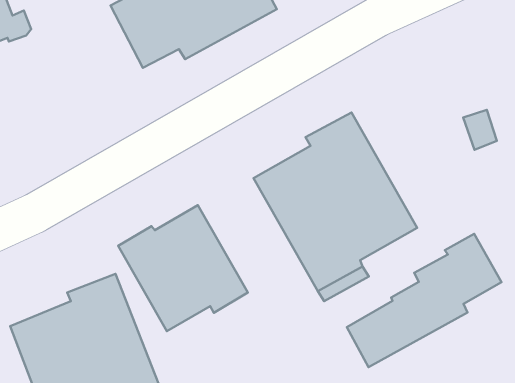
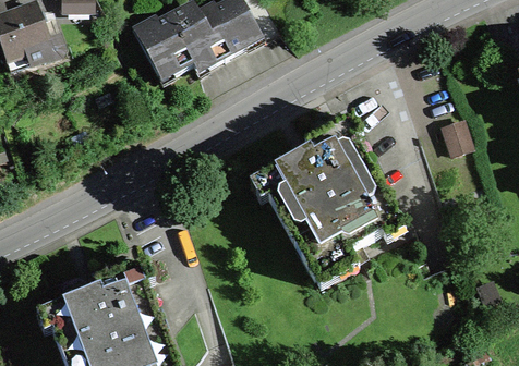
building: [118,205,248,331] -> none
building: [347,234,502,367] -> none

